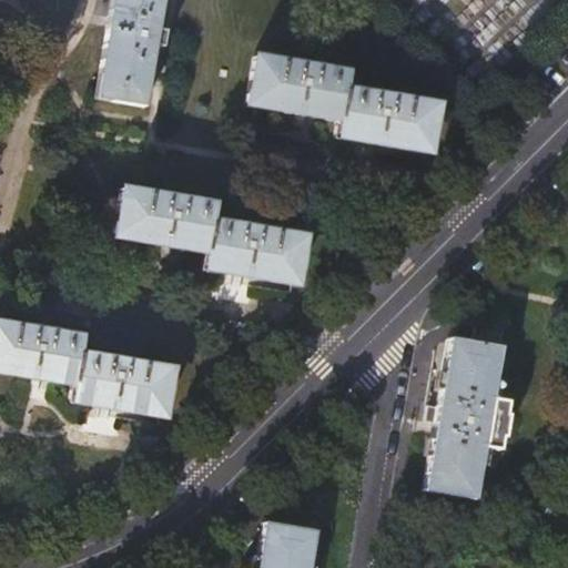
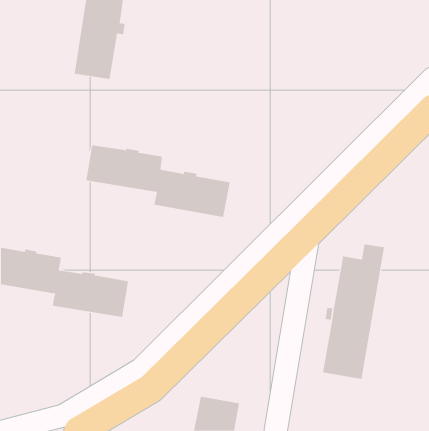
building: [251,58,440,152] -> none

